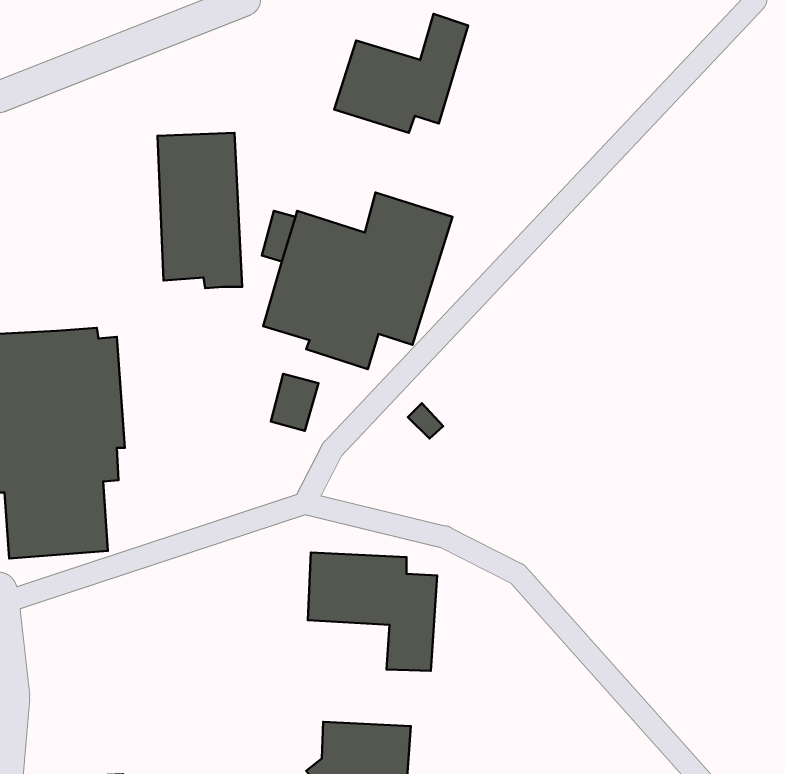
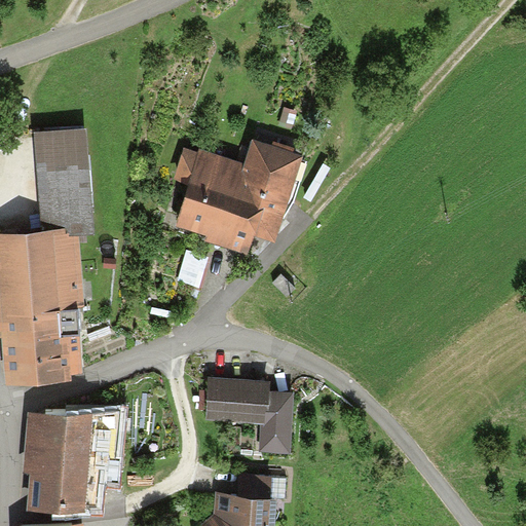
building: [334,14,468,133] -> none
building: [157,133,242,288] -> [34,130,90,234]
building: none -> [23,416,120,512]

